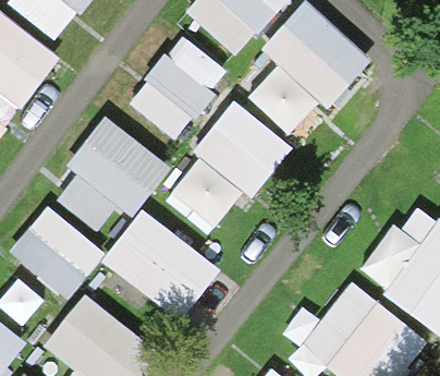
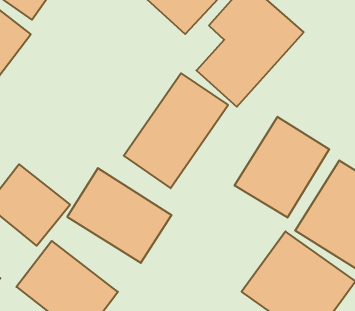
building: [126,34,231,141] -> none
building: [47,118,171,230] -> none
building: none -> [235,117,329,218]

